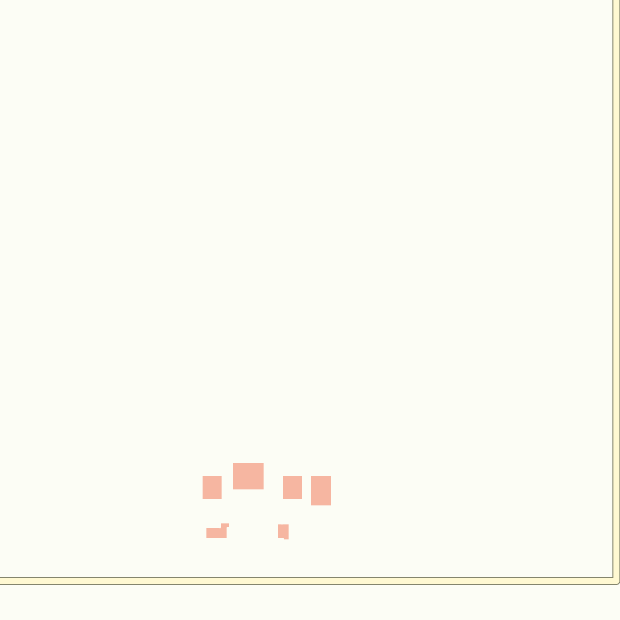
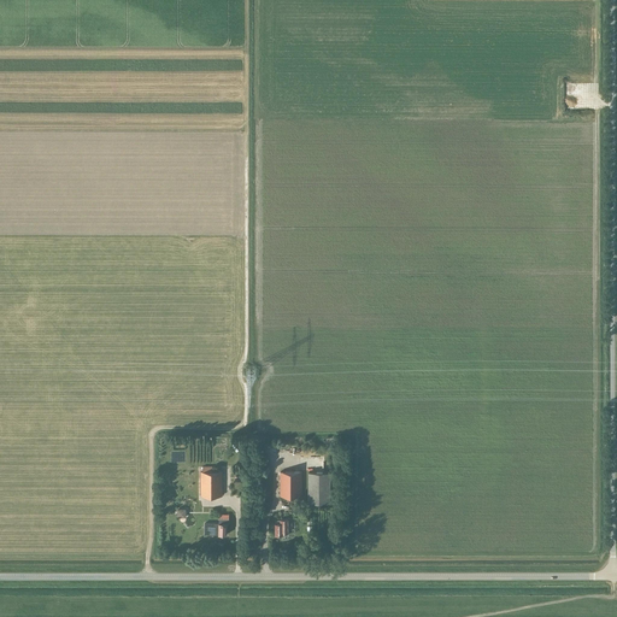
building: [233,462,264,490] -> none

